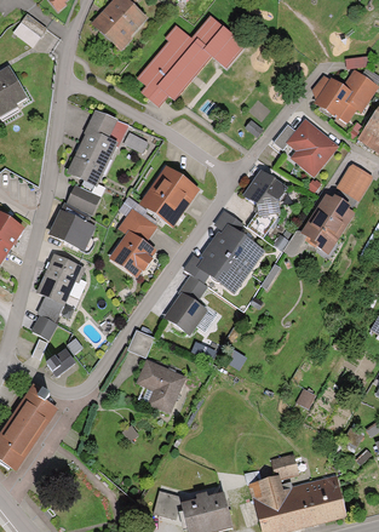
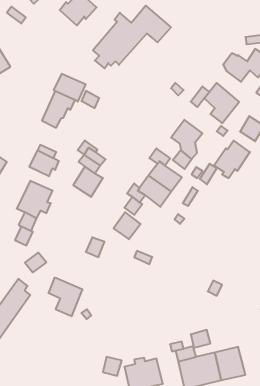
building: [145,170,197,219] -> none
building: [67,184,101,213] -> none
building: [137,360,183,412] -> [48,278,82,316]

